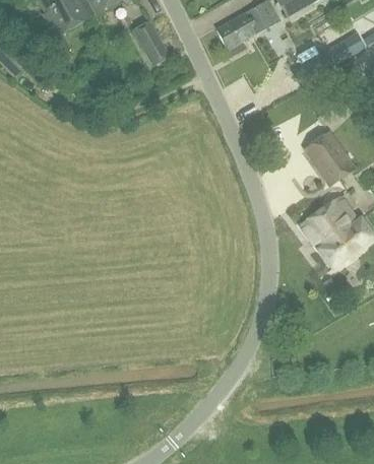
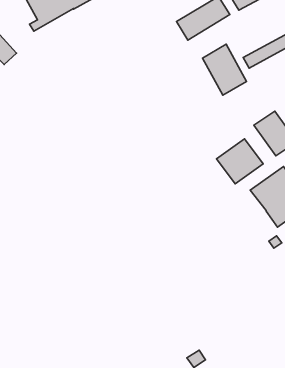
building: [134,21,171,66] -> none
building: none -> [203,44,246,95]
building: none -> [217,139,263,184]

